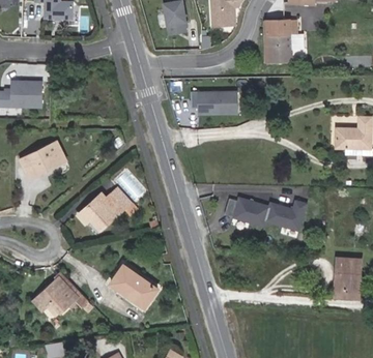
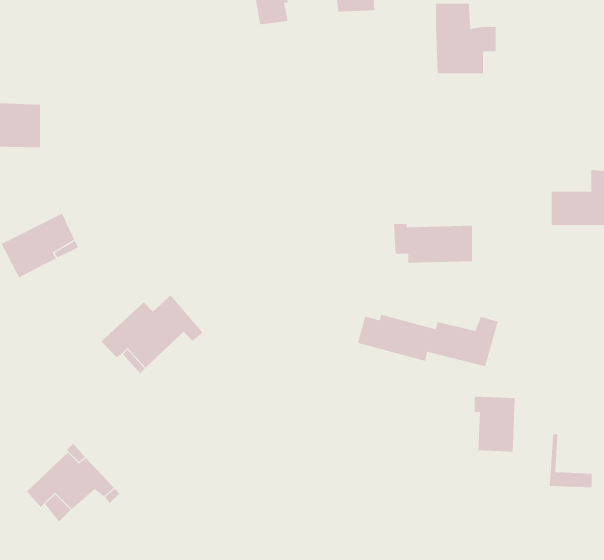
building: [190,91,235,114] -> [393,223,473,263]
building: [336,258,360,290] -> [474,396,515,452]
building: [110,265,156,307] -> none

